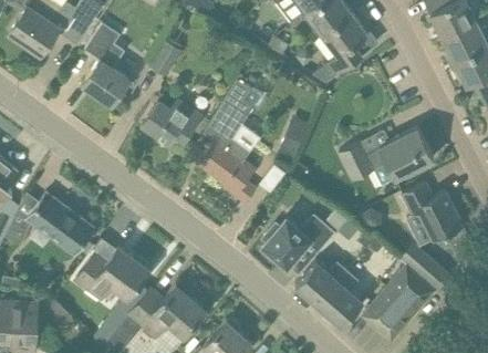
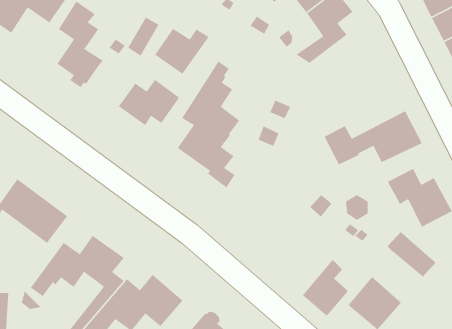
building: none -> [154,28,210,75]
building: [261,217,334,266] -> none
building: [295,262,347,307] -> none
building: [385,264,434,313] -> none

